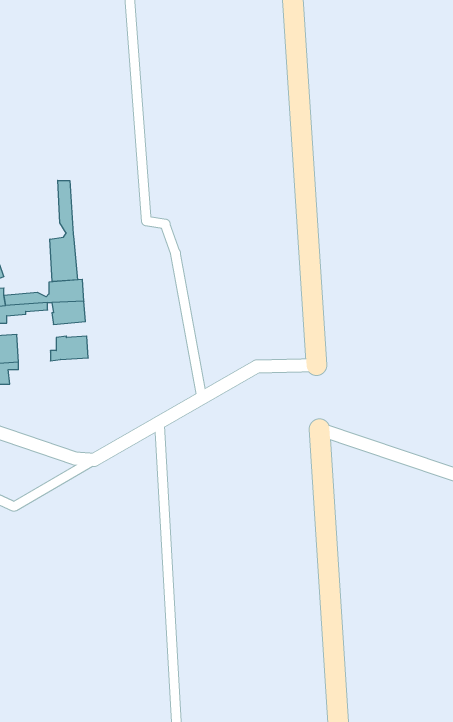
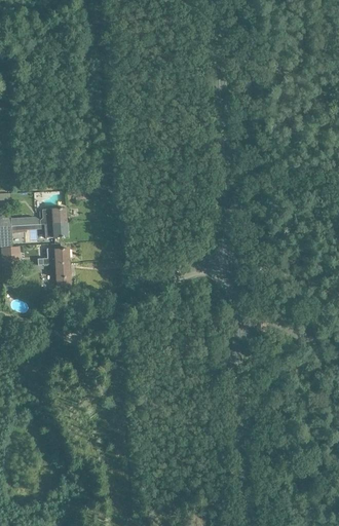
building: [50,180,77,281] -> none
building: none -> [50,261,72,285]

